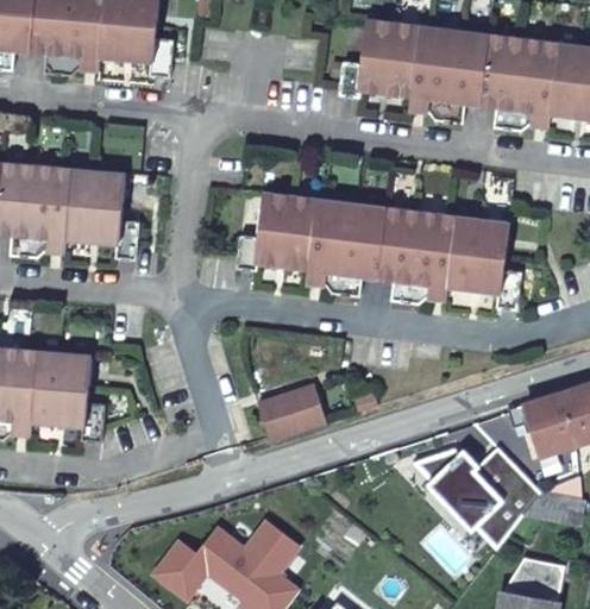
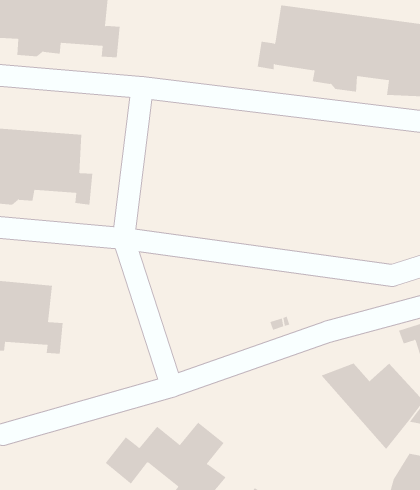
building: [237,188,520,309] -> none
building: [256,384,325,439] -> none

